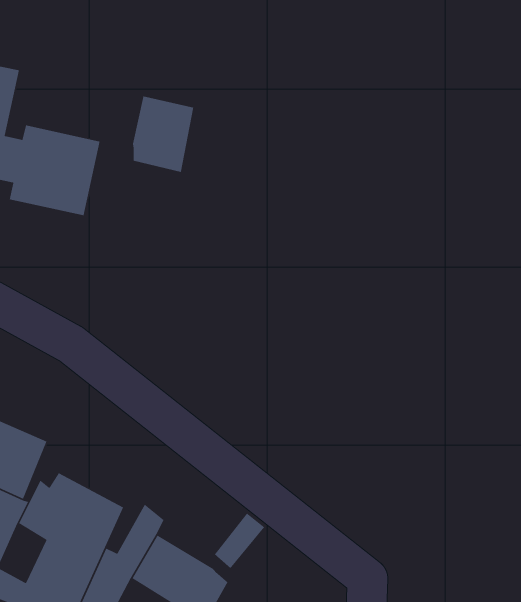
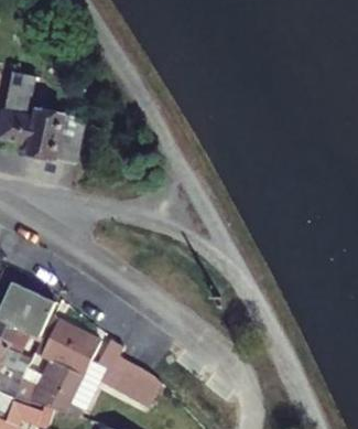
building: [132,95,194,173] -> none

